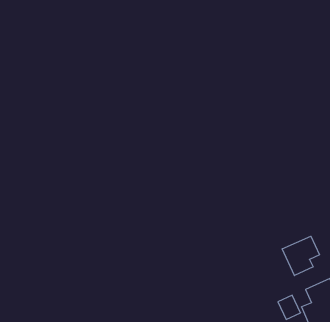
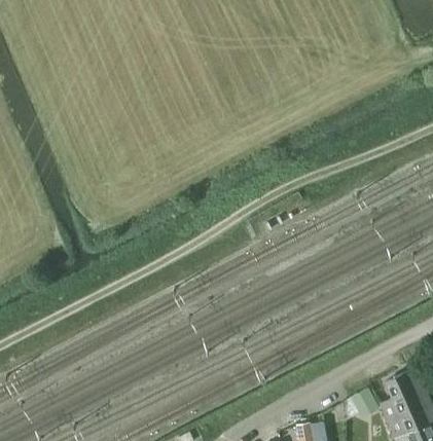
building: [282,236,319,276] -> none

